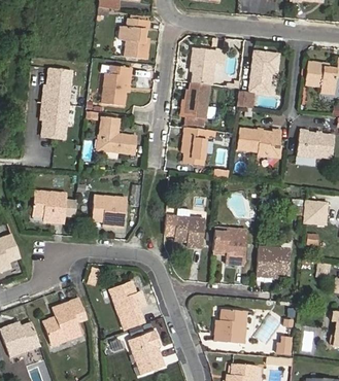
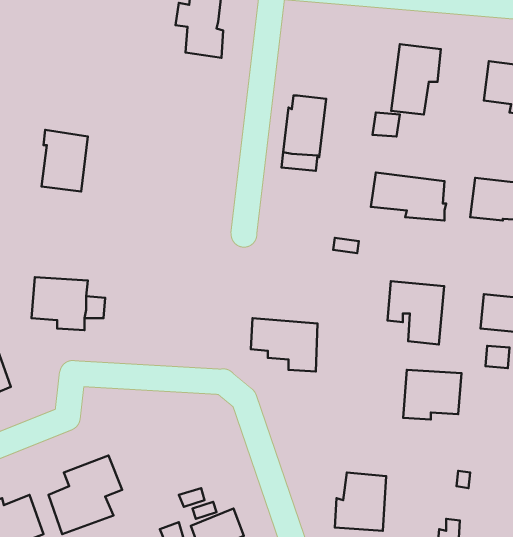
building: [191,47,225,84] -> none
building: [101,65,128,105] -> none
building: [40,69,71,106] -> none
building: [98,116,136,153] -> none
building: [183,127,214,165] -> none
building: [91,195,126,227] -> none
building: [212,227,246,265] -> [387,281,444,344]
building: [108,280,146,316] -> none

